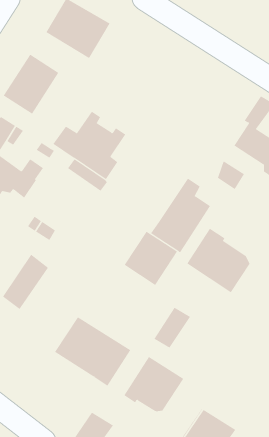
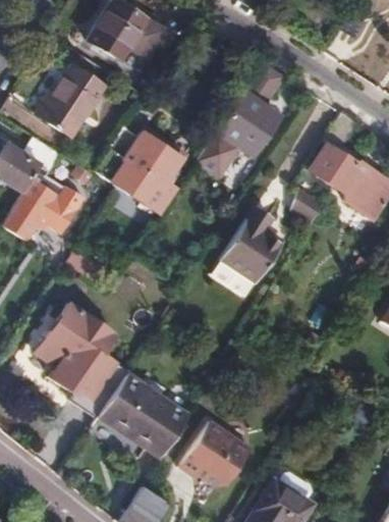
building: none -> [198,63,285,178]
building: [186,228,250,293] -> none
building: [124,231,178,286] -> none
building: none -> [52,316,128,419]
building: [150,307,191,349] -> none

